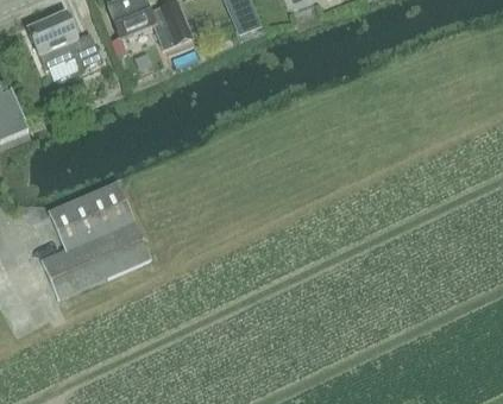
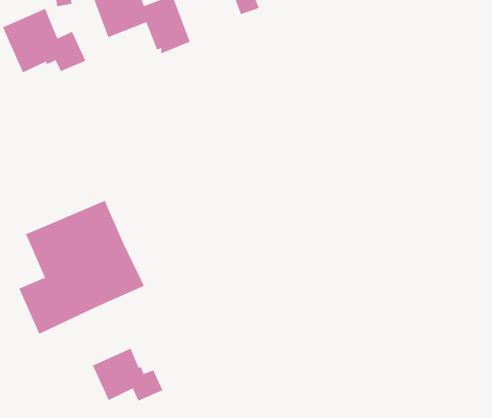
building: none -> [92,348,163,401]

